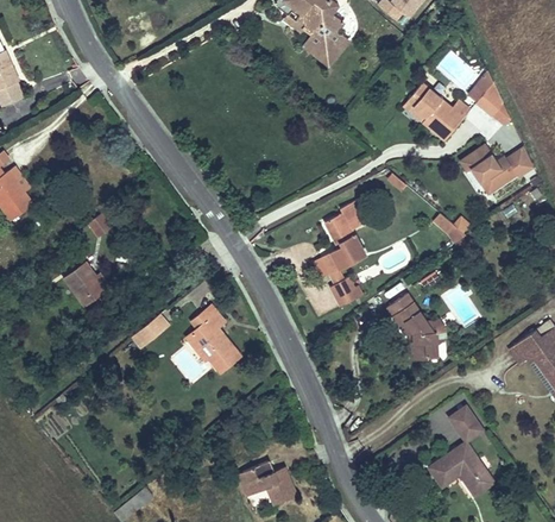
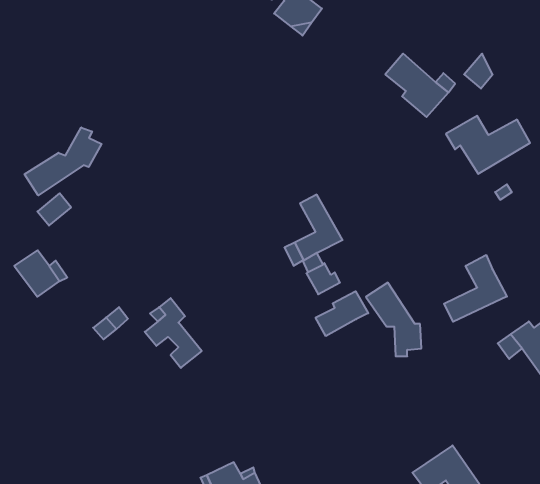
building: none -> [25,127,102,195]
building: [434,212,474,243] -> none
building: none -> [444,255,507,322]
building: none -> [316,291,368,336]
building: [448,405,484,444] -> none

